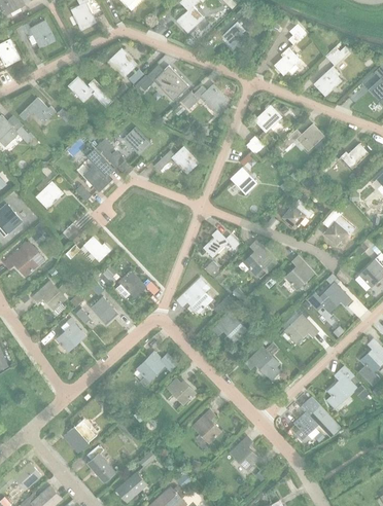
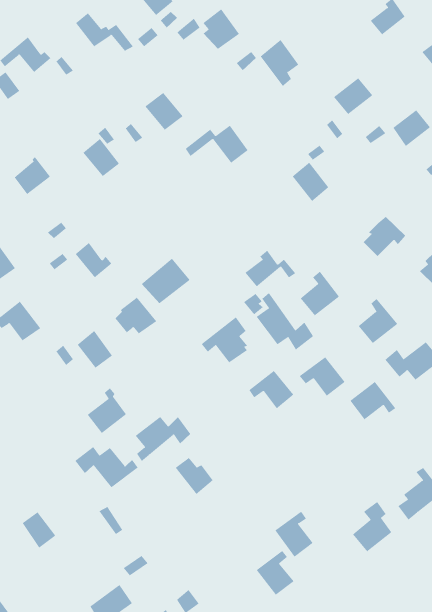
building: none -> [141,258,190,304]
building: none -> [256,292,314,351]
building: [57,319,84,352] -> [87,387,127,434]
building: [245,348,278,375] -> [299,356,345,396]
building: none -> [75,446,138,488]
building: [193,410,220,443] -> [275,511,313,557]
building: [88,444,114,482] -> none

